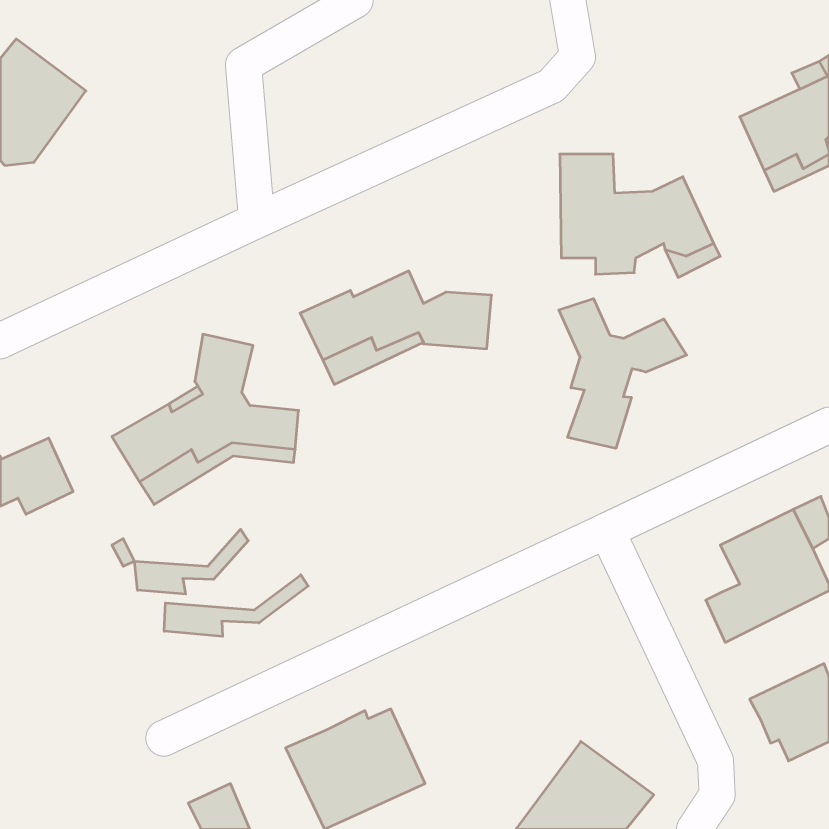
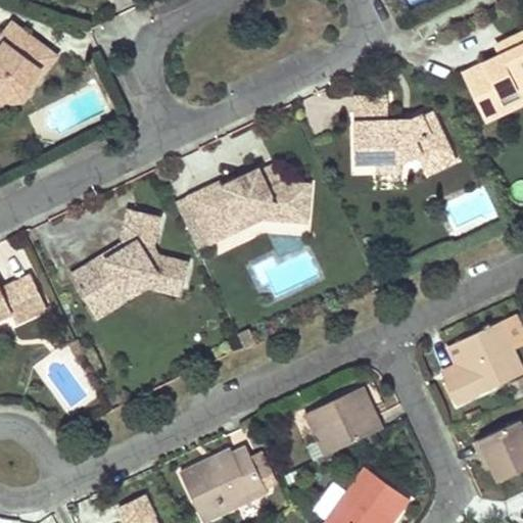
building: [559,299,687,448] -> none
building: [135,529,248,594] -> none
building: [164,575,308,636] -> none
building: none -> [311,385,388,458]

